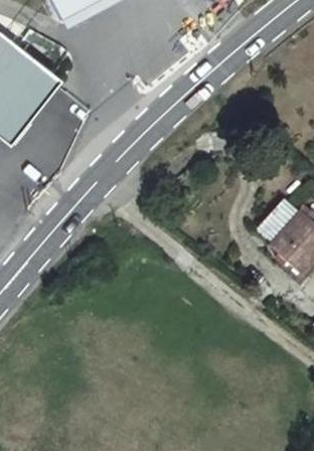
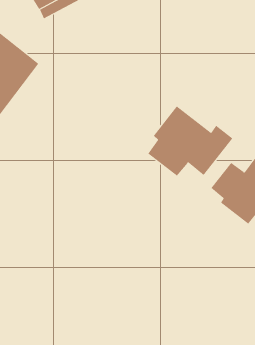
building: none -> [147,106,233,177]

